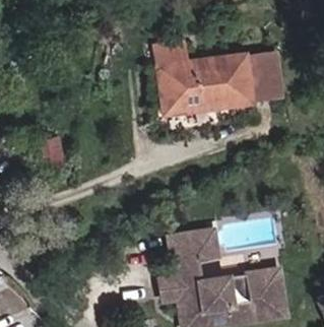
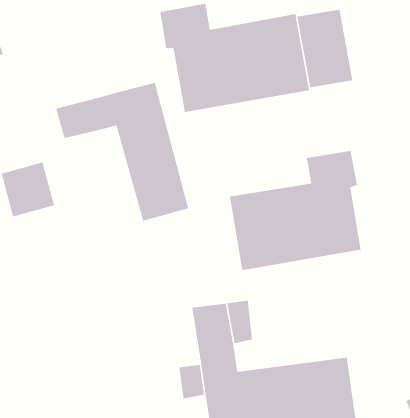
building: none -> [55,82,189,221]
building: none -> [229,150,361,271]

